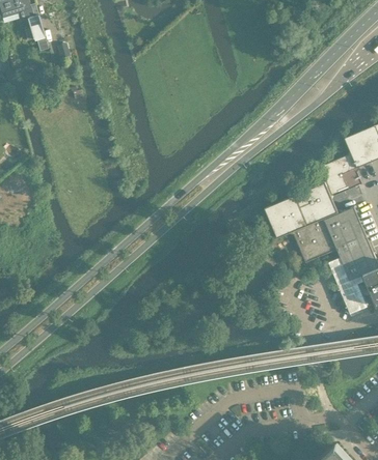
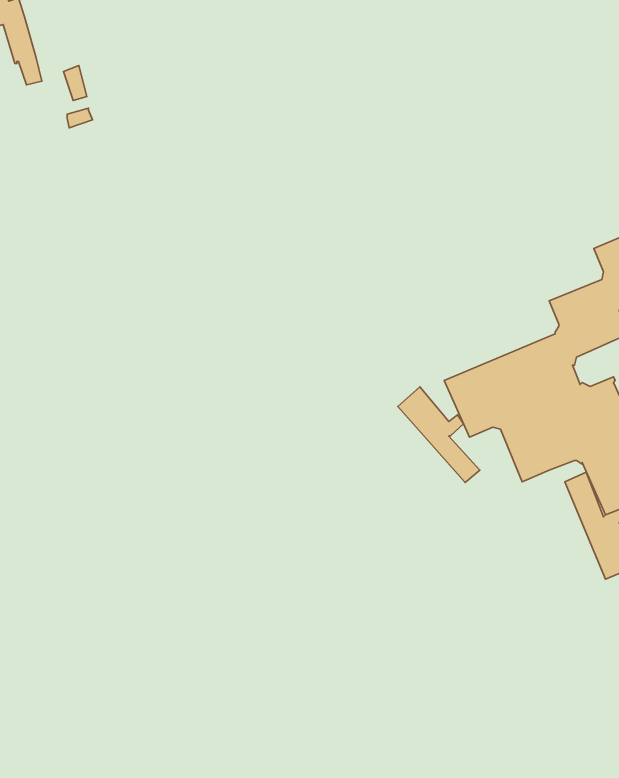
building: none -> [398,387,480,483]

